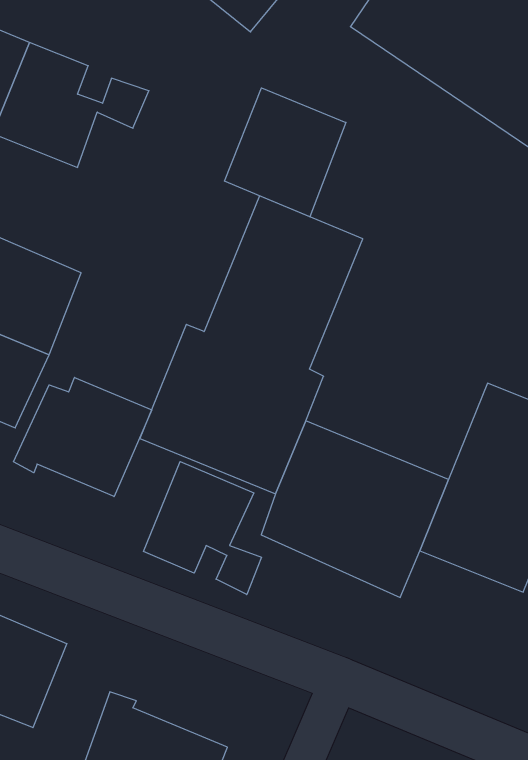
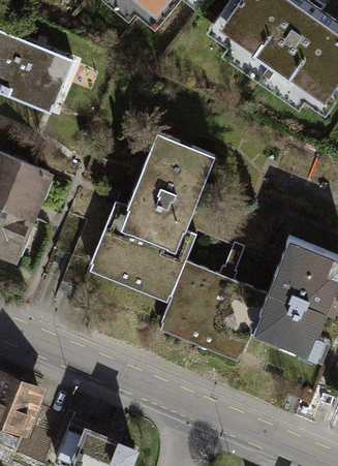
building: [225,88,346,217] -> none
building: [14,377,152,497] -> none
building: [144,462,261,595] -> none

